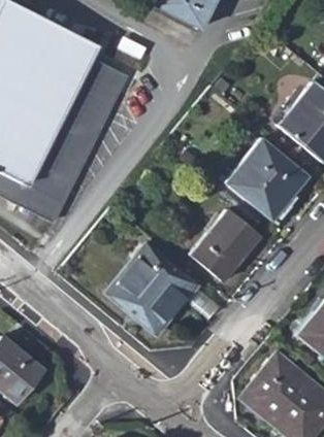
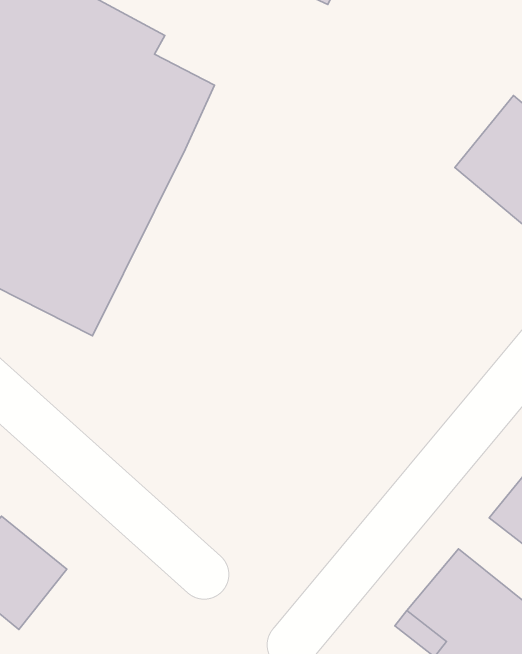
building: [226,138,305,216] -> none
building: [190,210,257,279] -> none
building: [111,244,196,334] -> none

